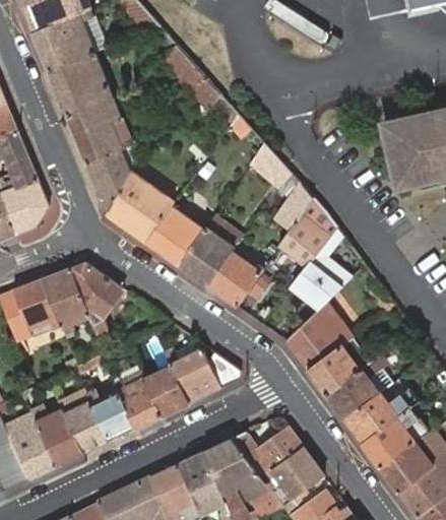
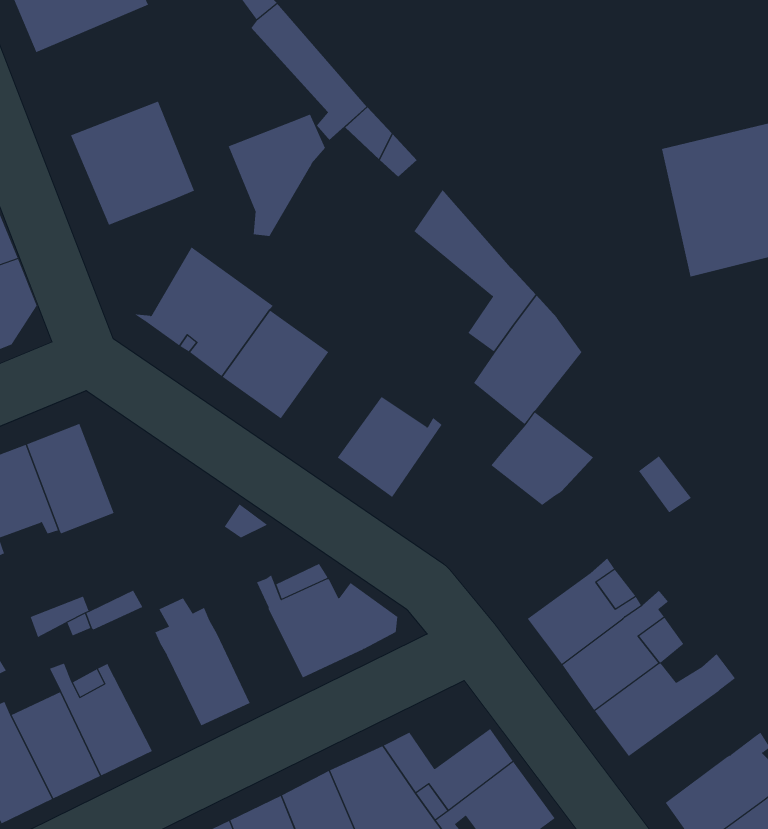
building: [48,53,113,116] -> none
building: [86,146,138,211] -> [228,114,326,237]
building: [178,218,241,286] -> none
building: [71,263,123,334] -> none
building: [286,305,352,372] -> none
building: [144,367,189,416] -> none
building: [86,391,135,442] -> none
building: [362,409,429,469] -> none

